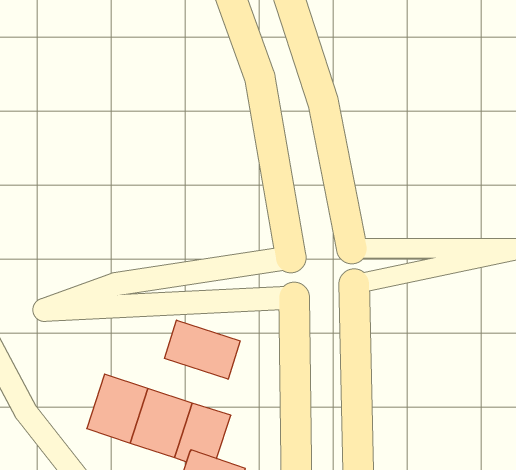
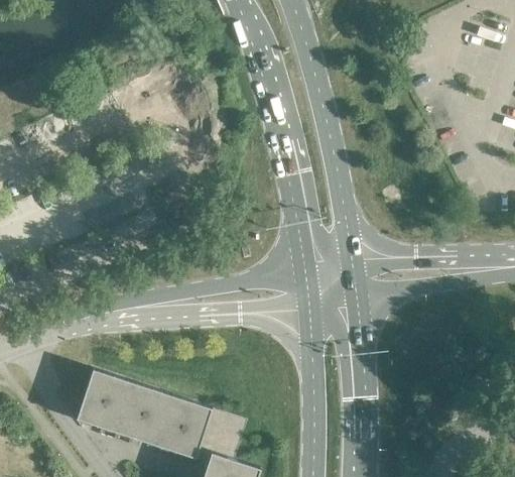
building: [164,320,240,379] -> none
building: none -> [76,370,132,433]

